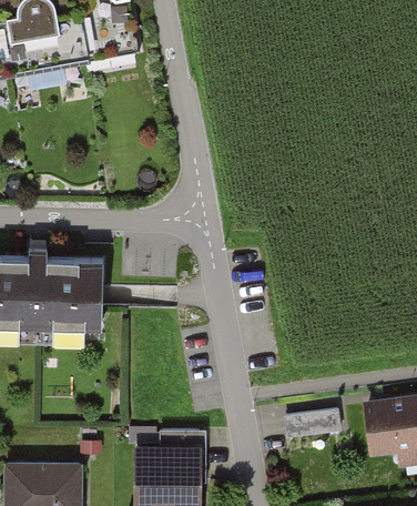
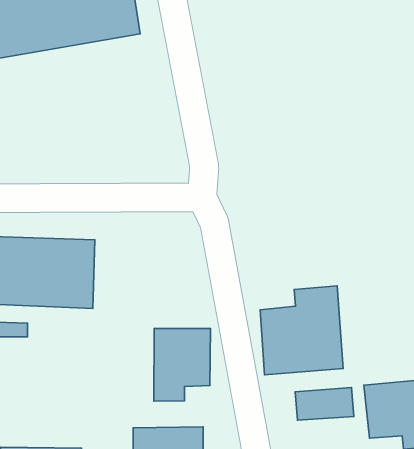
building: none -> [260,286,343,375]
building: none -> [154,328,210,401]

